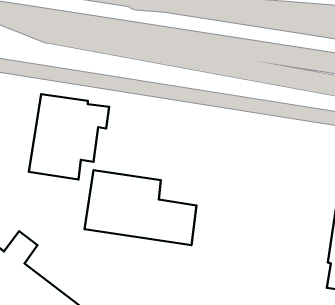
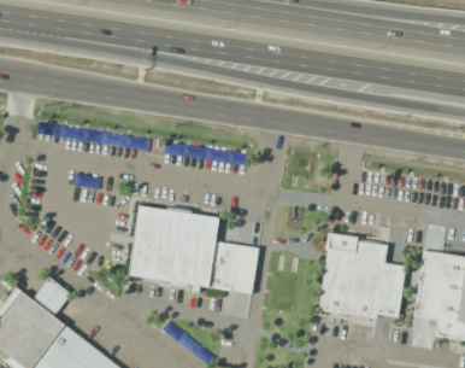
building: [29,94,109,179] -> none
building: none -> [317,232,405,319]

